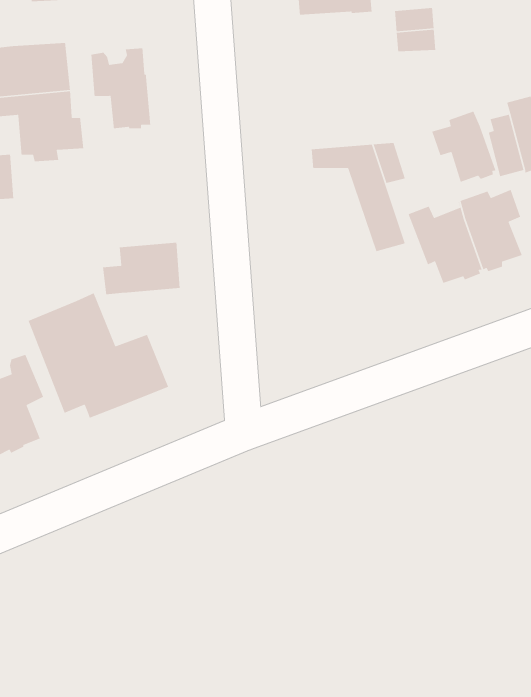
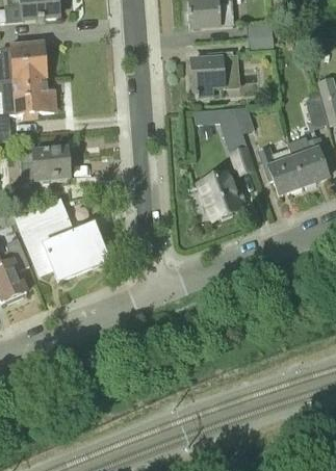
building: [90,47,151,129] -> none
building: none -> [191,51,235,97]
building: [431,110,496,183] -> none
building: [102,242,180,295] -> [21,148,70,181]
building: none -> [199,174,239,220]

